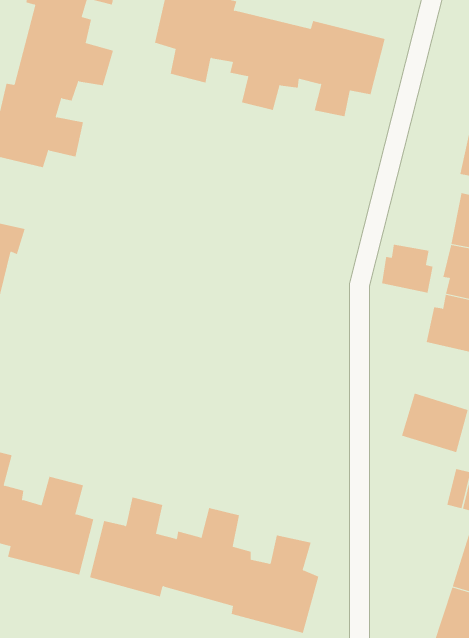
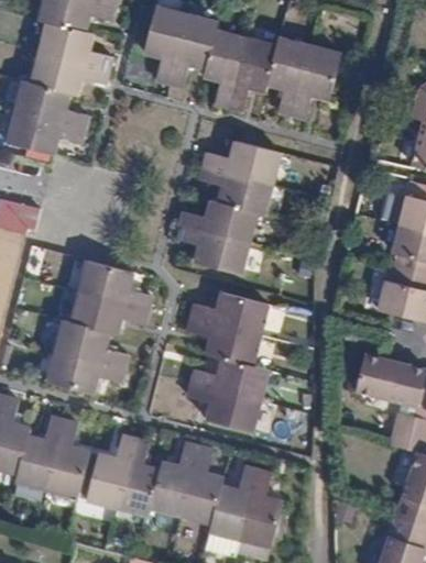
building: none -> [177,141,278,274]
building: [381,244,433,293] -> none
building: none -> [43,260,150,393]
building: none -> [170,296,264,431]

